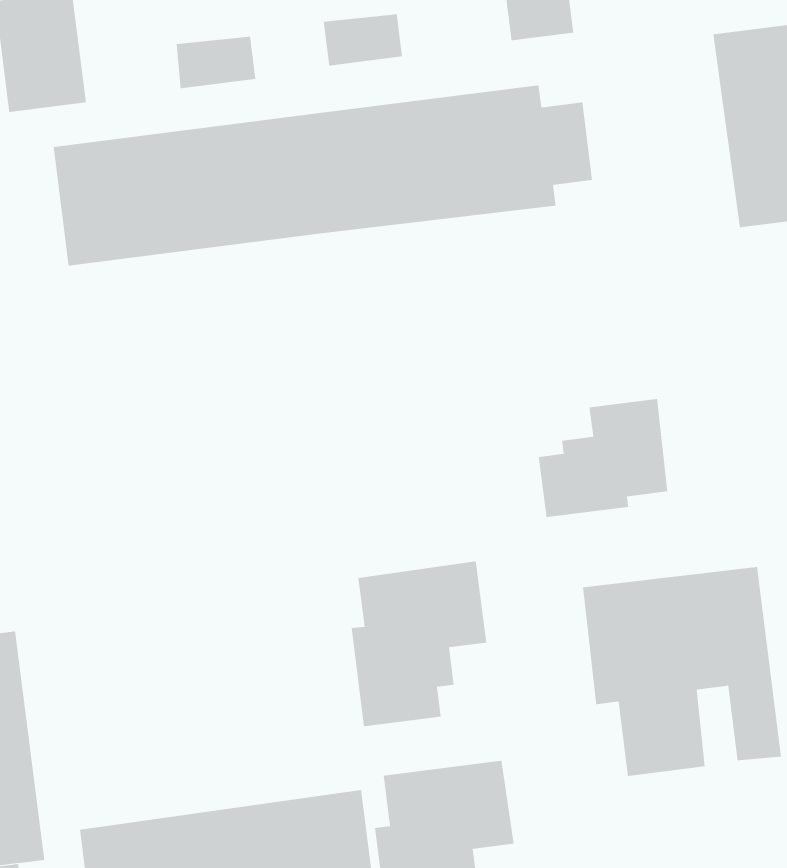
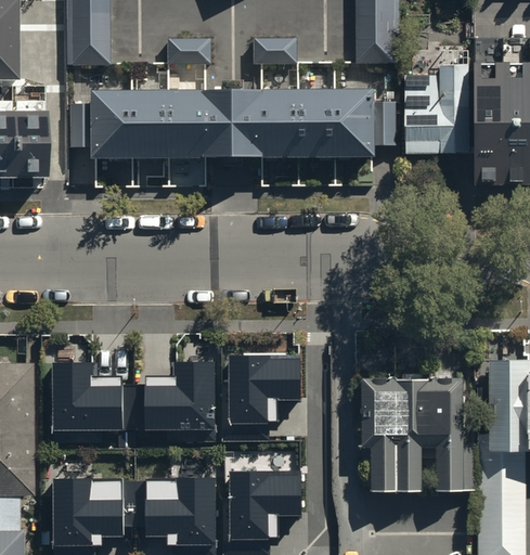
building: none -> [404,63,470,152]
building: [538,398,668,518] -> none
building: none -> [55,363,216,450]

